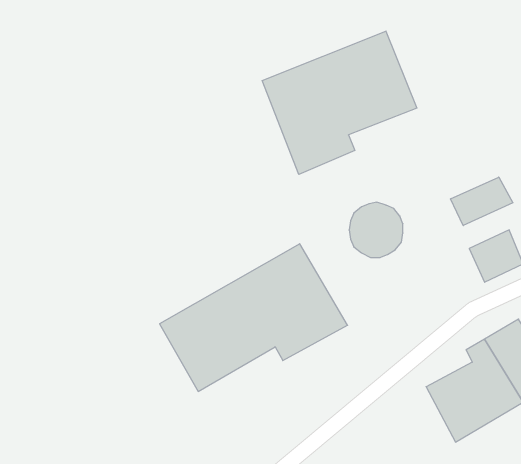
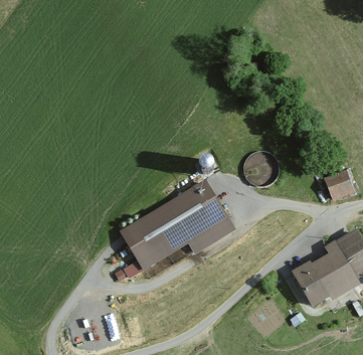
building: [262,31,417,174] -> none
building: [451,177,513,226] -> none

